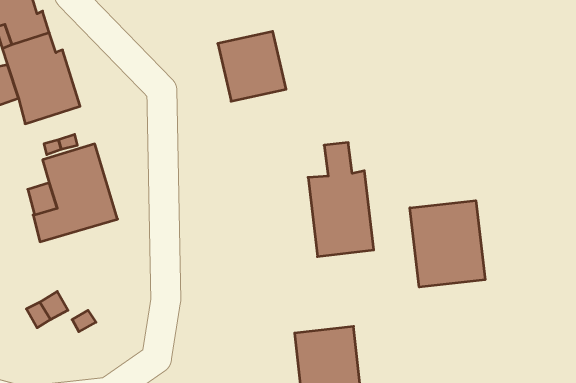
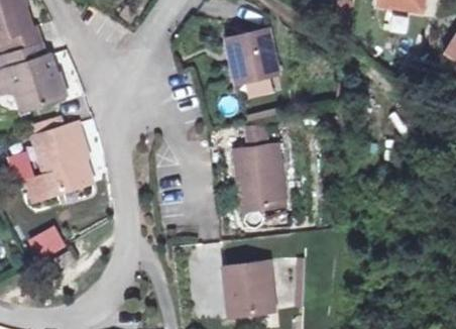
building: [218,31,286,101] -> [227,29,278,82]
building: [410,201,485,287] -> none

